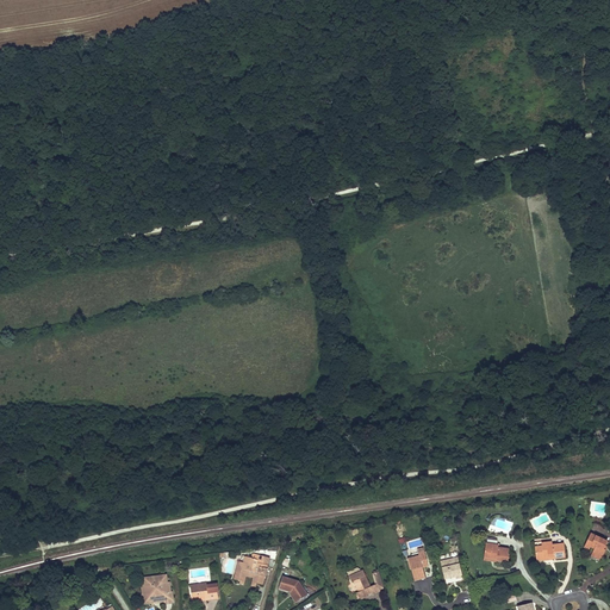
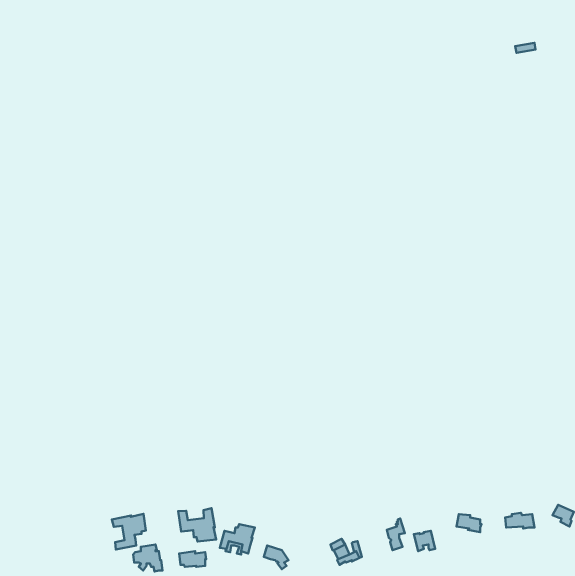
building: none -> [178,508,216,541]
building: none -> [112,514,146,549]

